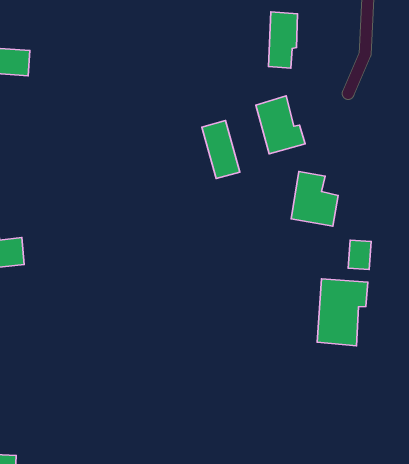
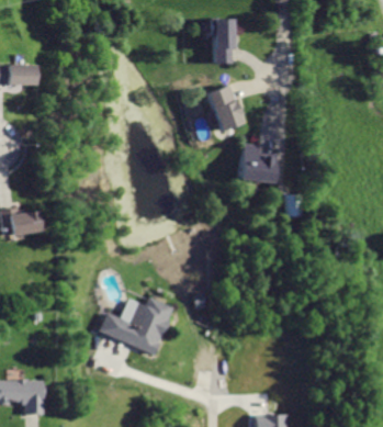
building: [202,121,240,179] -> none
building: [317,279,368,346] -> none
building: none -> [98,296,169,355]

